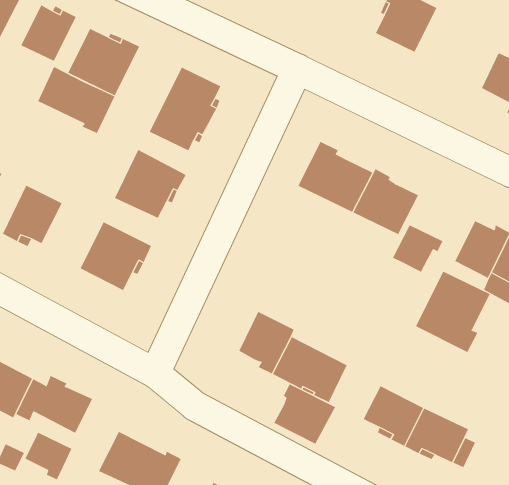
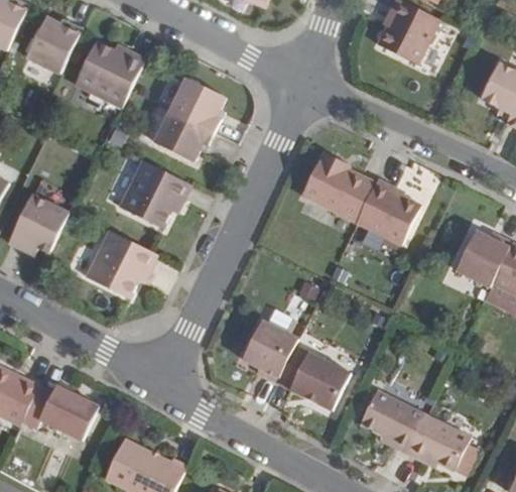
building: [37,66,115,134] -> none
building: [392,224,443,273] -> none
building: [415,271,490,353] -> none
building: [273,383,336,444] -> none
building: [25,432,72,480] -> none

